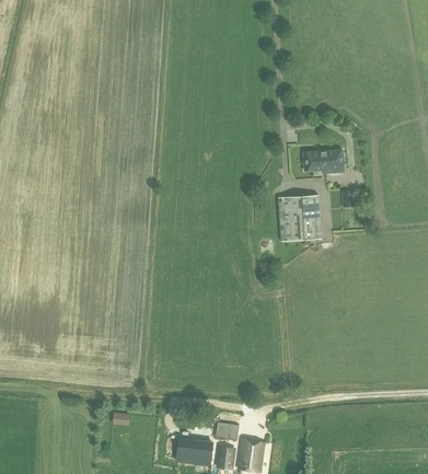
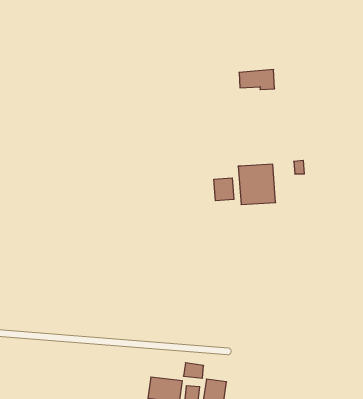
building: [302,149,343,172] -> [239,70,275,90]
building: none -> [214,178,234,201]

